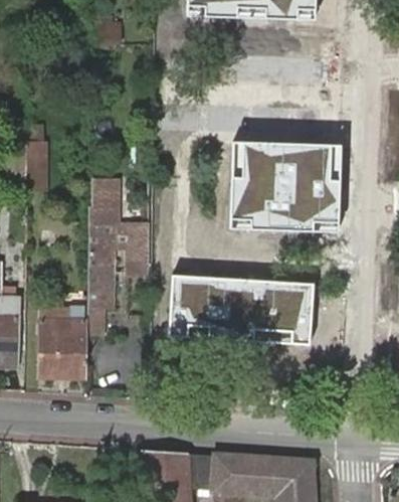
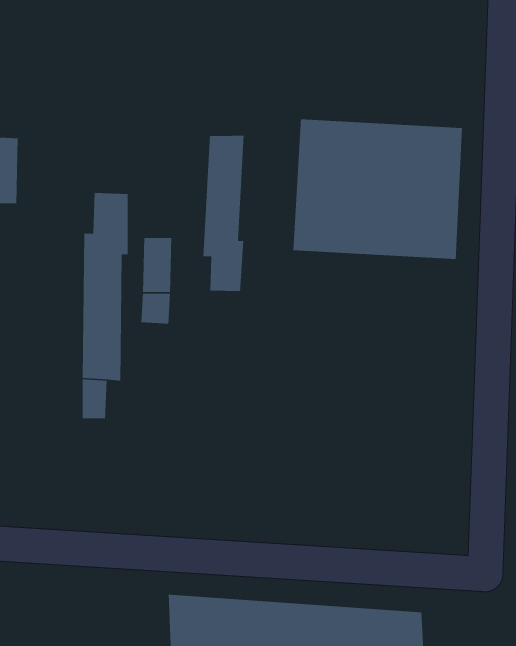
building: none -> [202,135,244,292]
building: [170,274,313,345] -> none
building: [40,310,86,378] -> none

